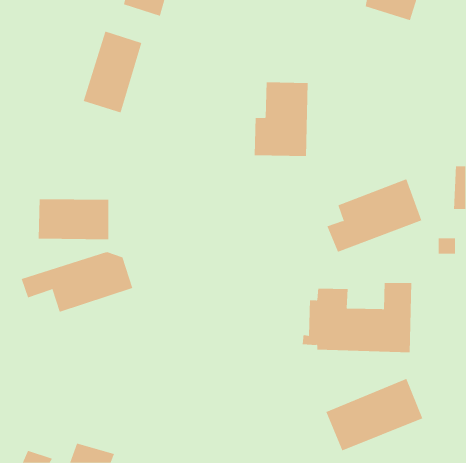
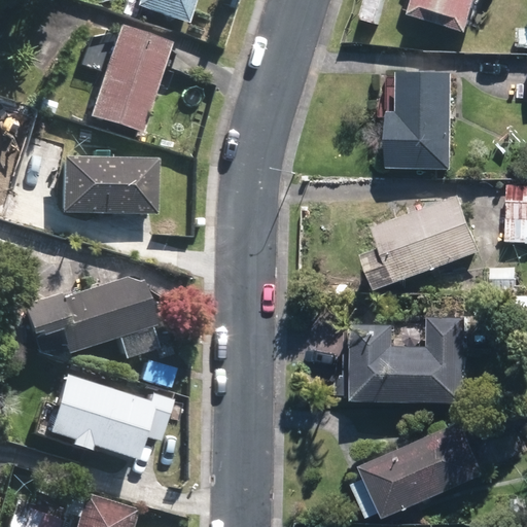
building: [254,82,309,157] -> [389,74,451,159]
building: [38,199,109,240] -> [64,165,144,211]
building: none -> [50,381,144,455]

